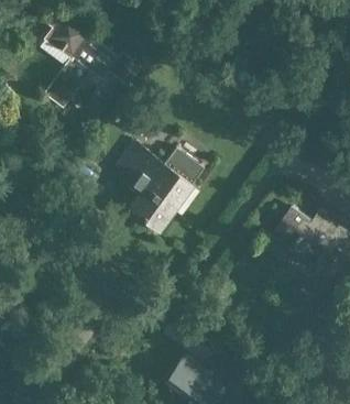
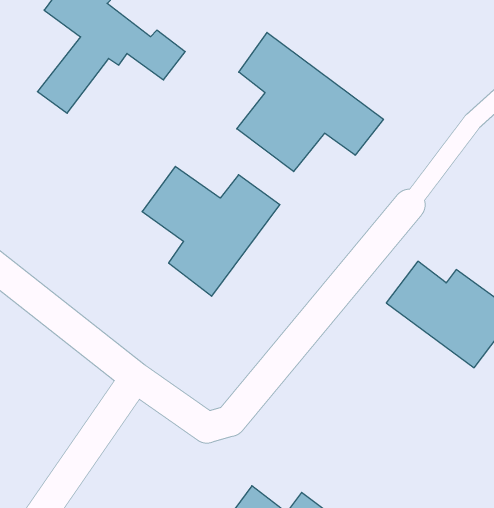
building: none -> [237,32,383,172]

